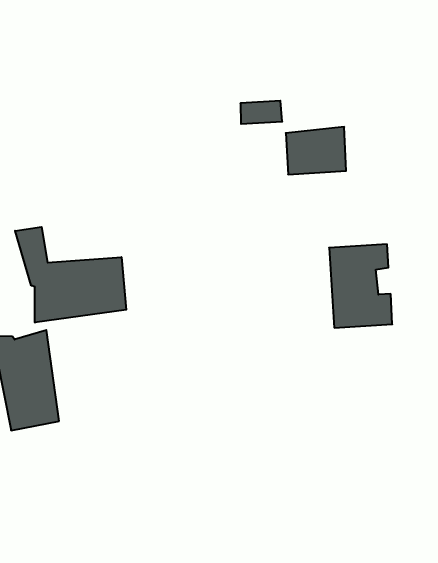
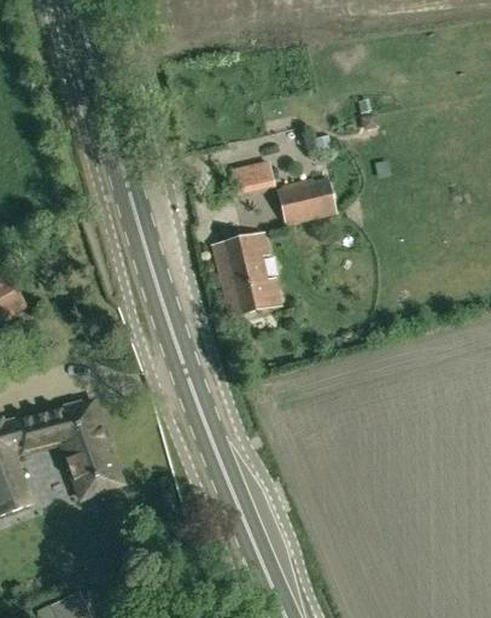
building: [15,227,126,323] -> none
building: [329,244,392,328] -> [212,233,280,315]

